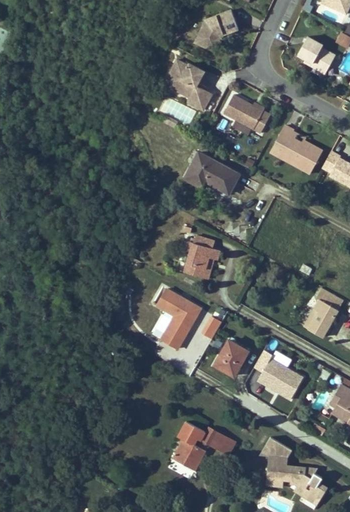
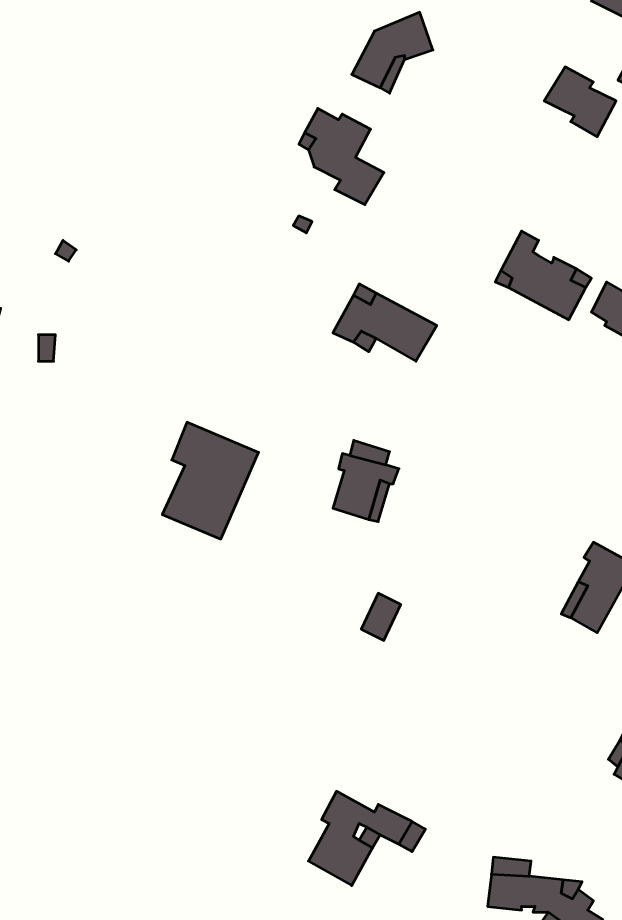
building: [223,94,270,133] -> none
building: [149,289,200,351] -> [162,422,259,539]
building: [215,339,248,375] -> none
building: [250,354,304,402] -> none
building: [260,438,293,458] -> none

